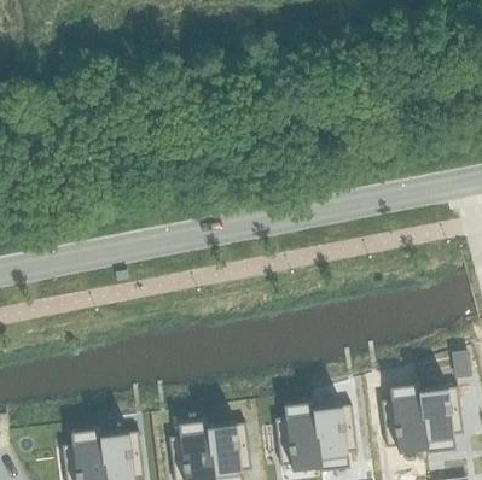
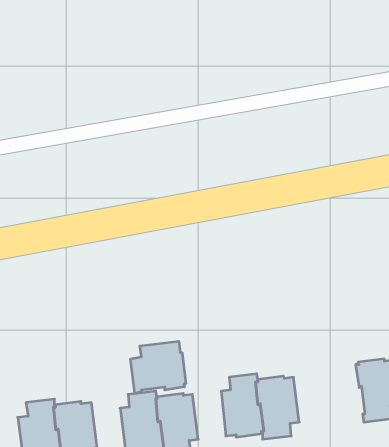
building: none -> [131,341,186,393]
building: [379,384,425,449] -> none

